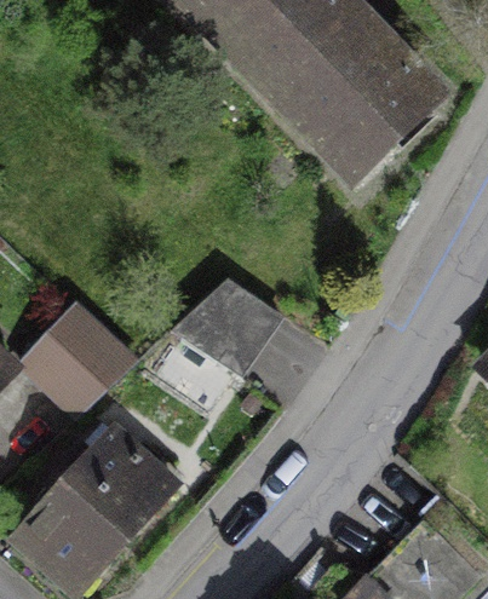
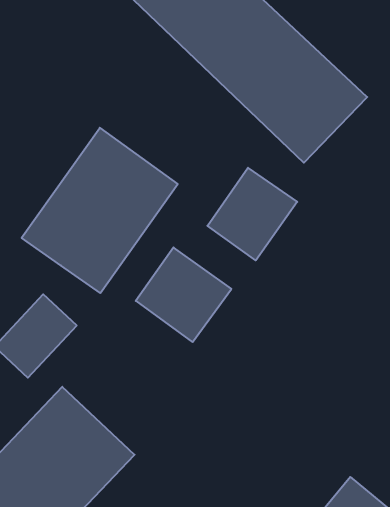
building: none -> [22,128,178,293]
building: none -> [207,168,297,260]

